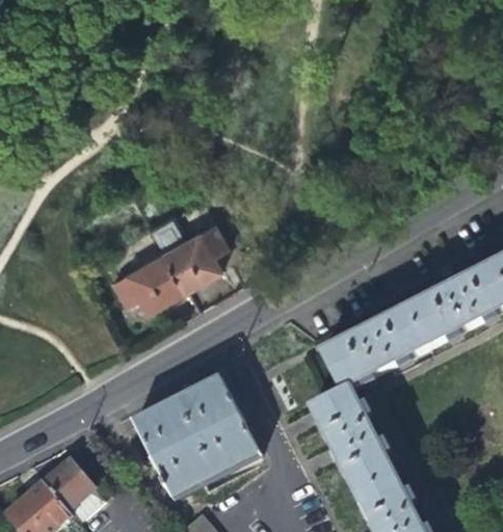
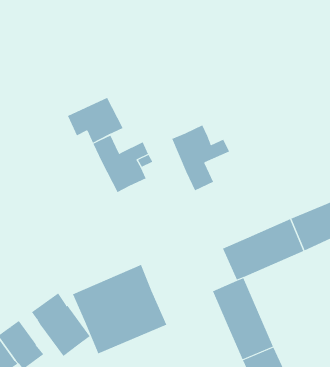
building: none -> [171,125,230,191]
building: [110,249,183,310] -> [67,97,123,143]
building: none -> [31,293,90,357]

